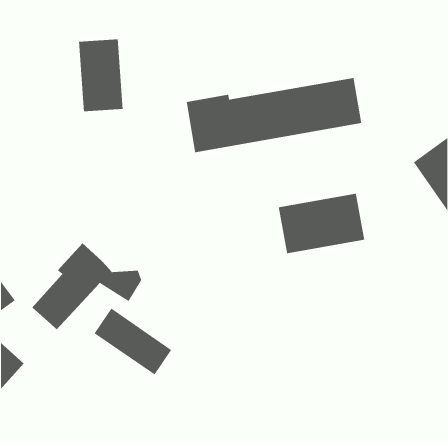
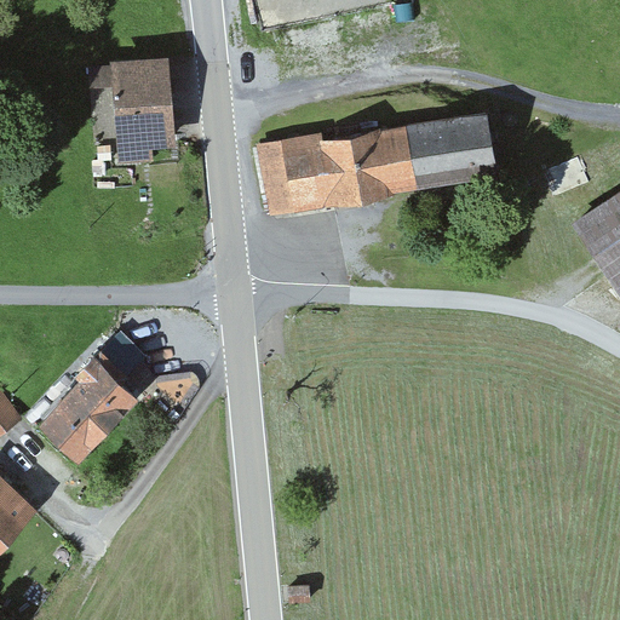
building: [278,193,365,254] -> none
building: [94,308,172,376] -> none

